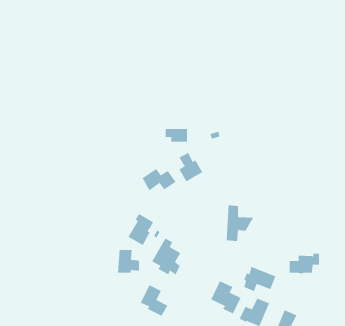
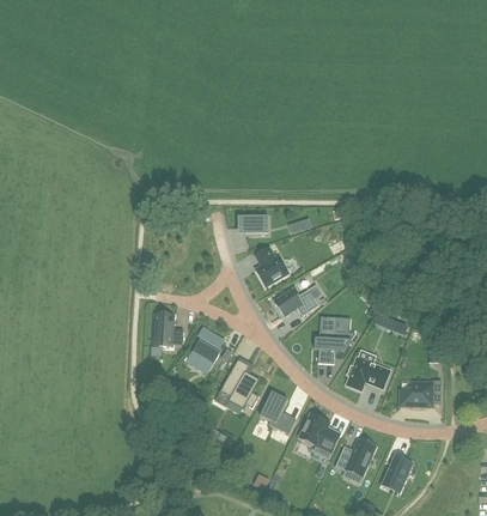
building: [142,168,177,191] -> [273,287,318,317]
building: [117,249,140,273] -> [152,315,182,346]
building: [243,266,276,292] -> [346,357,389,390]
building: [140,284,168,316] -> [258,391,296,433]

